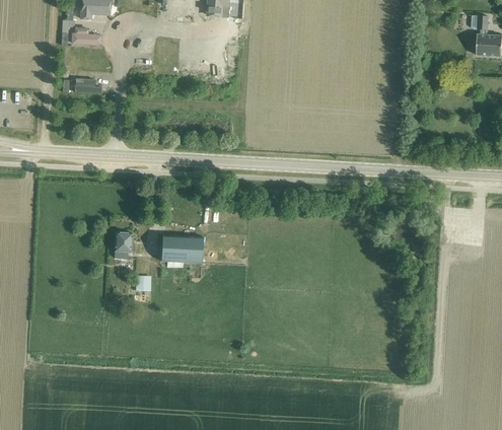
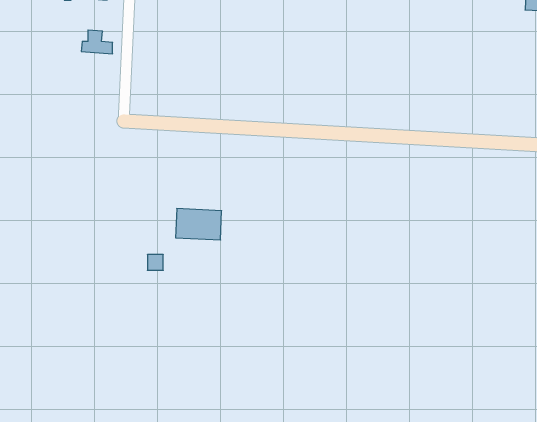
building: [115,232,135,258] -> none

